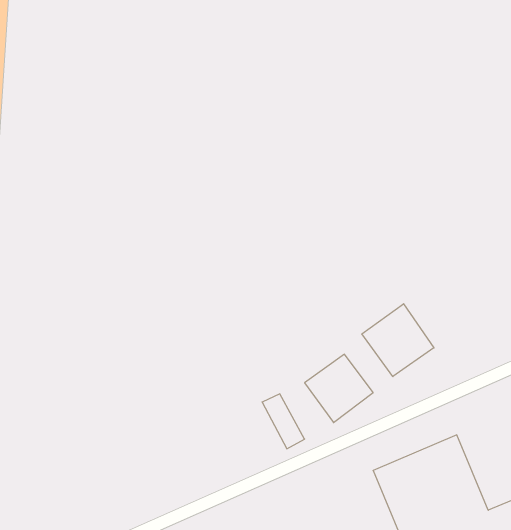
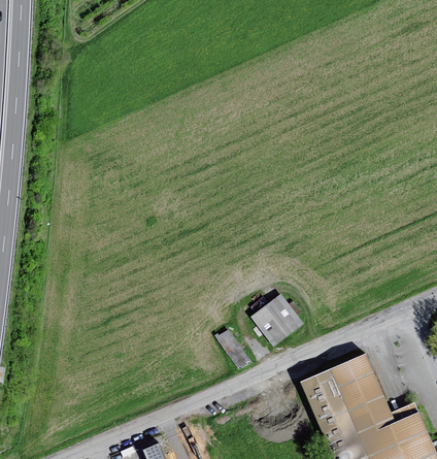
building: [362,304,434,377] -> none

